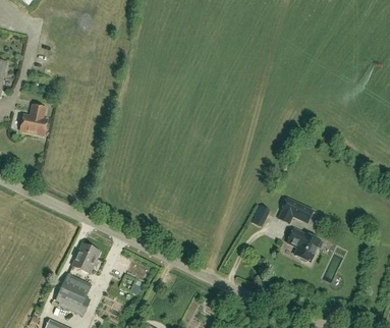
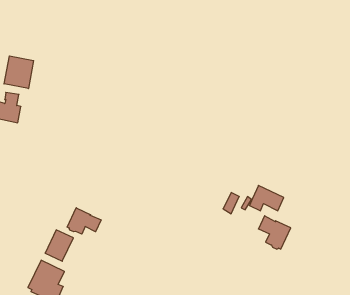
building: none -> [4,56,34,89]
building: none -> [67,208,101,234]

